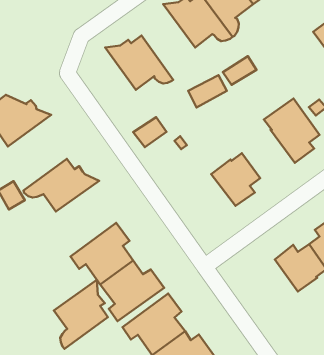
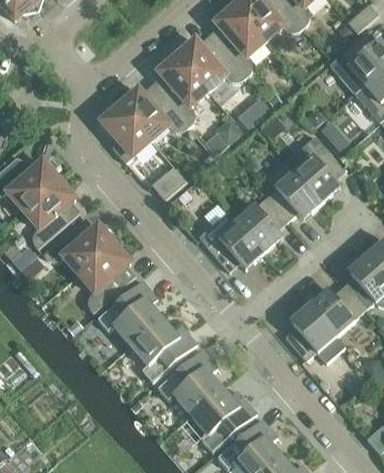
building: none -> [151,49,208,127]
building: none -> [101,99,150,162]
building: none -> [22,173,80,249]
building: none -> [265,160,321,221]
building: none -> [198,211,263,271]
building: none -> [284,304,344,362]
building: [54,280,108,349] -> [78,238,134,312]

